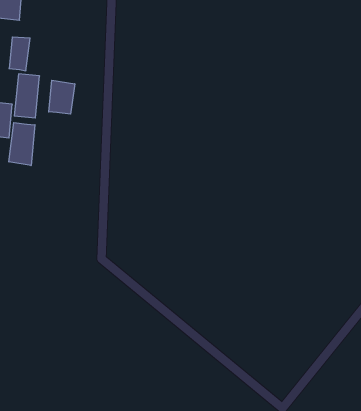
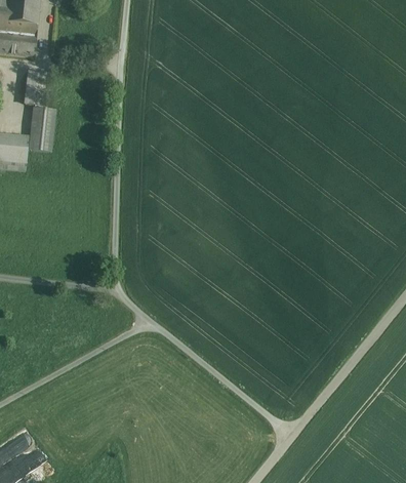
building: [49,80,75,114] -> none
building: [9,123,35,166] -> none

